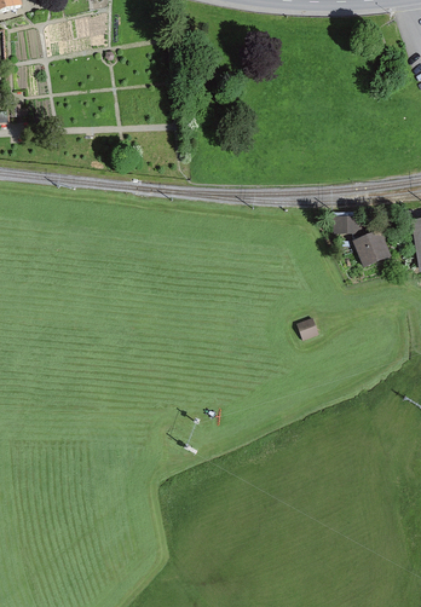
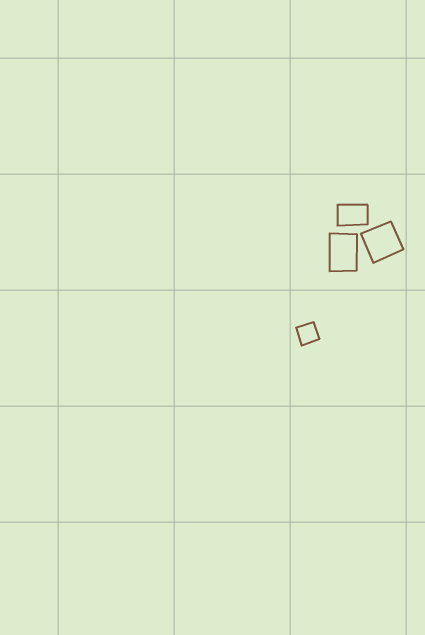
building: none -> [330,233,357,271]

